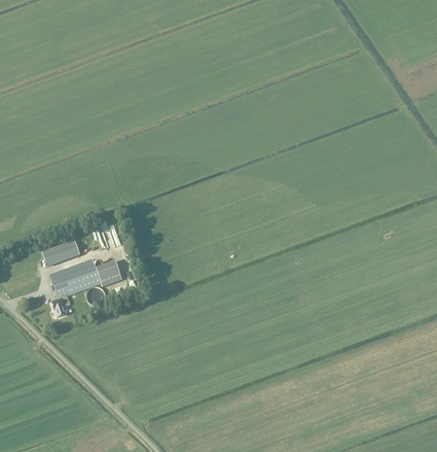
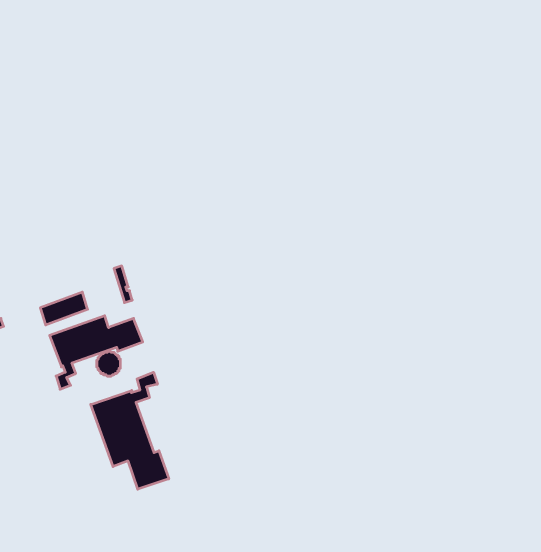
building: none -> [91,372,169,489]

